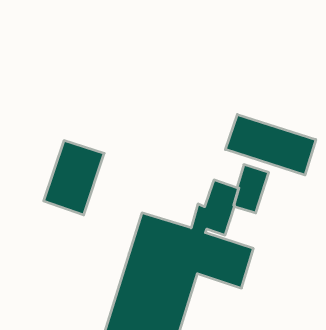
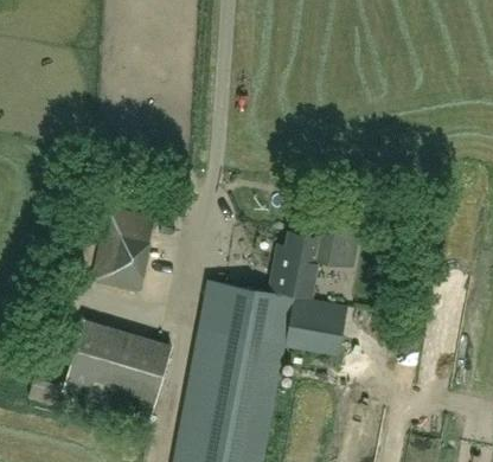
building: [225,114,316,175] -> none
building: none -> [60,319,172,419]

